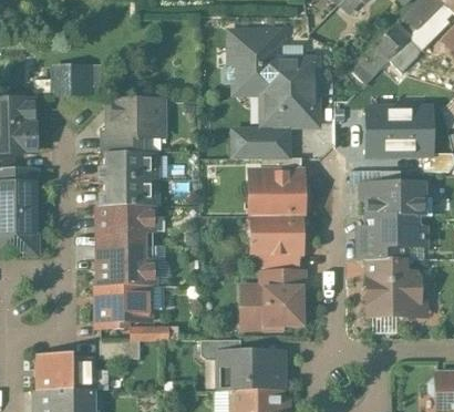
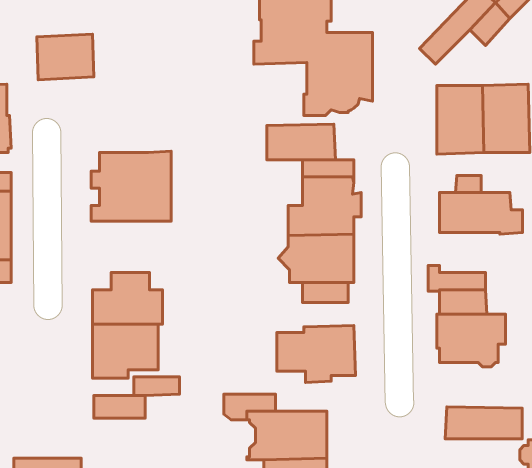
building: [103,99,161,153] -> none
building: [97,206,153,246] -> none
building: [368,215,423,246] -> none
building: [262,269,301,288] -> none
building: none -> [445,407,522,439]
building: [38,353,91,390] -> none

